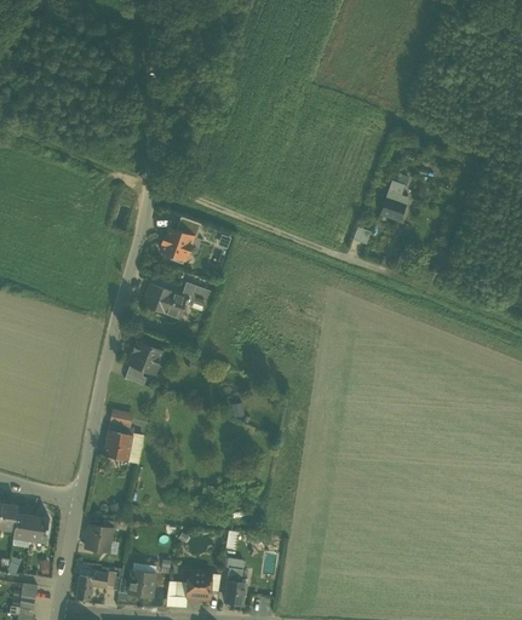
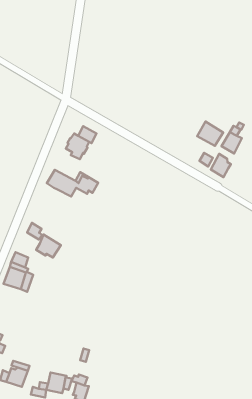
building: none -> [197,122,223,146]
building: none -> [211,154,231,177]
building: [130,340,164,371] -> [36,235,61,257]

